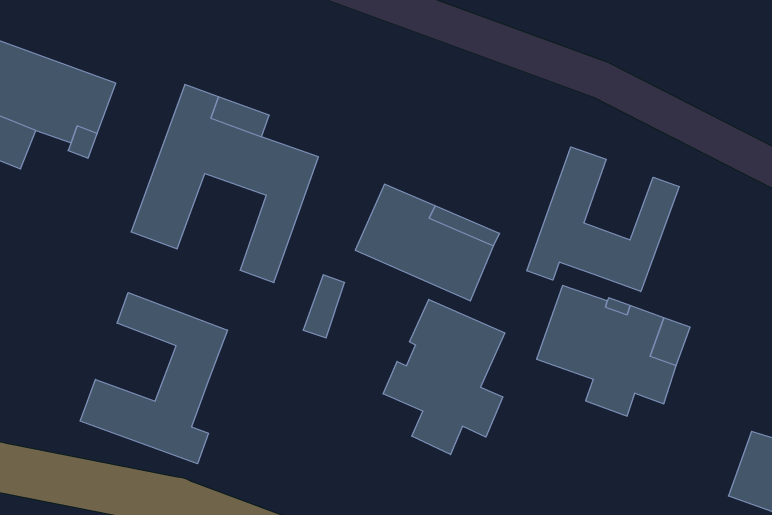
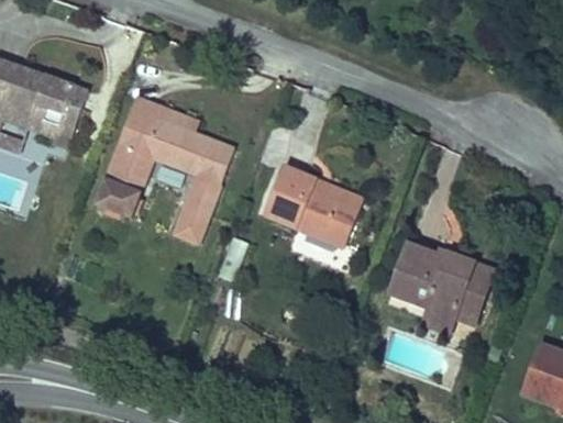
building: [527,147,679,292] -> none
building: [80,293,228,464] -> none
building: [383,299,505,455] -> none

